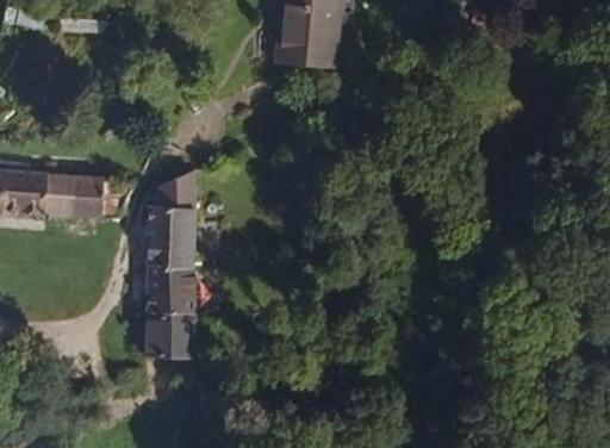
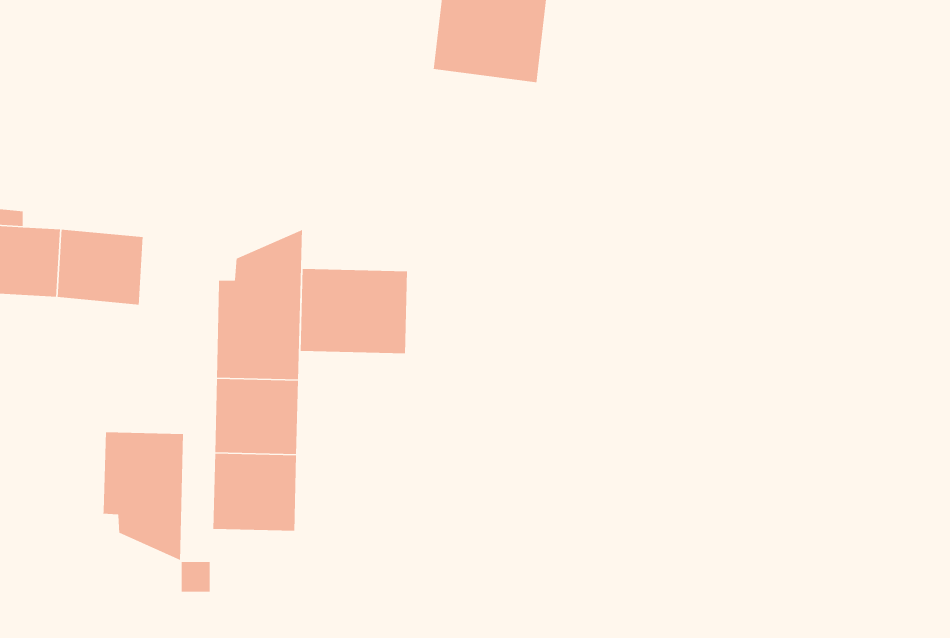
building: none -> [300,268,408,354]
building: none -> [103,432,184,561]

